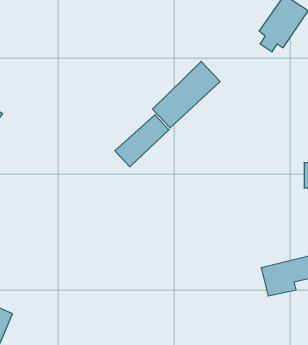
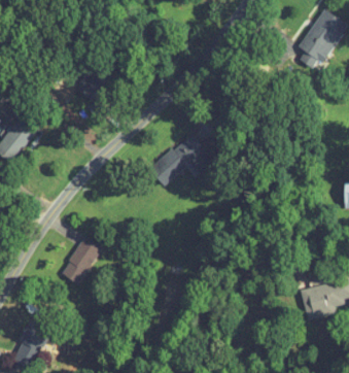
building: [152,61,220,128] -> none
building: none -> [61,237,102,285]

